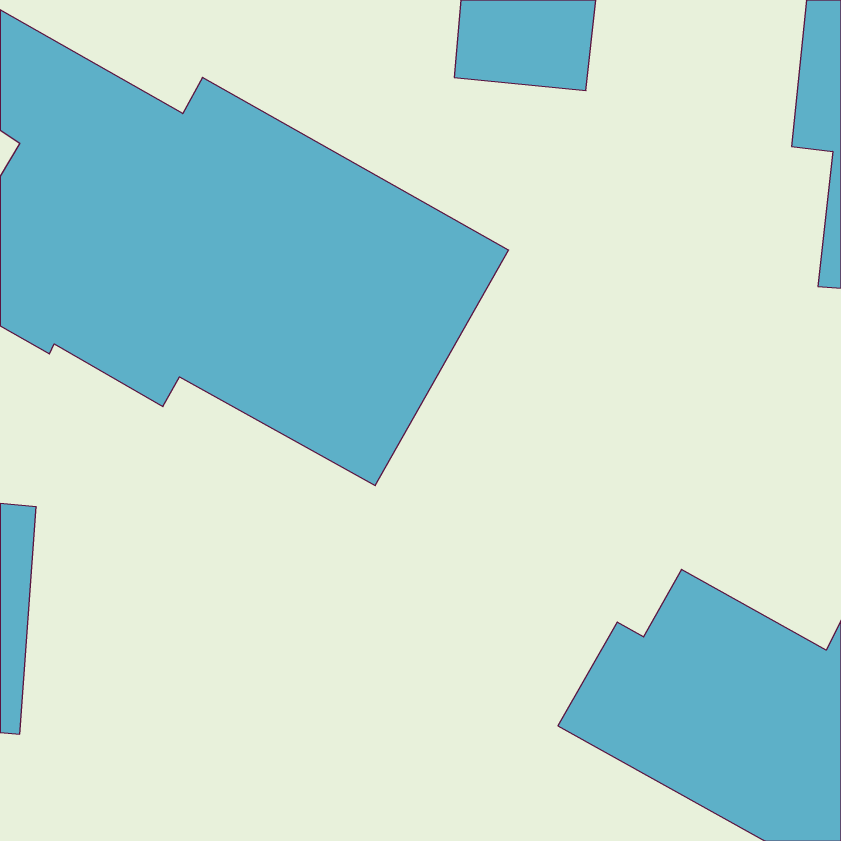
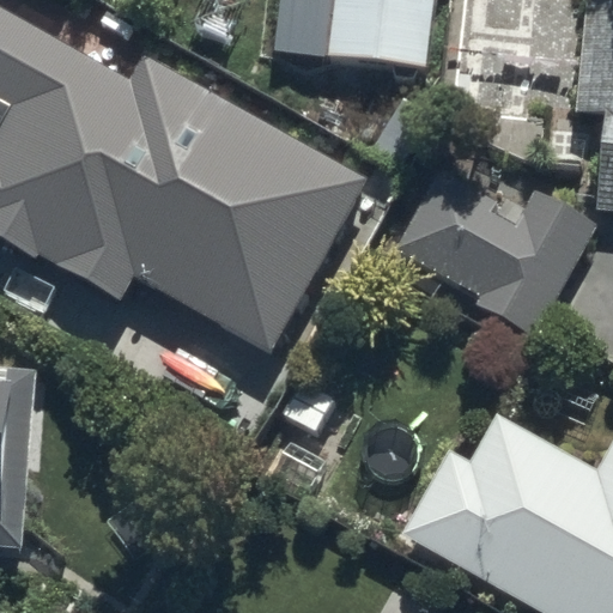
building: none -> [395,169,599,339]

